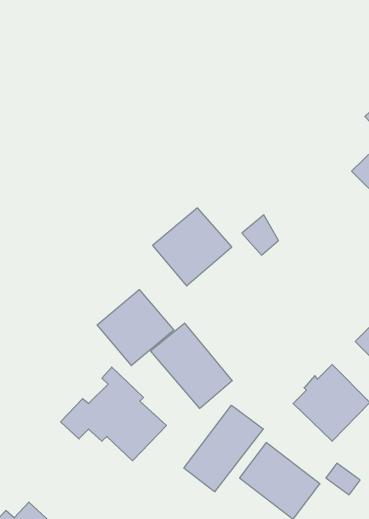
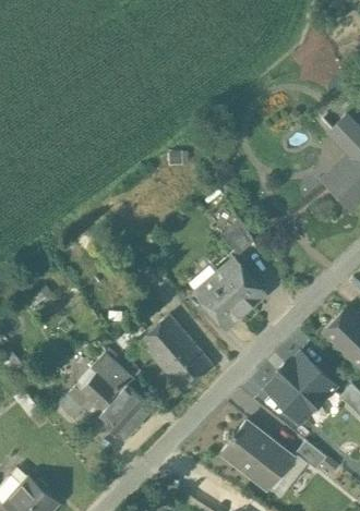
building: [153,208,232,286] -> [194,257,265,327]
building: [97,290,174,366] -> none
building: [184,405,263,492] -> none

